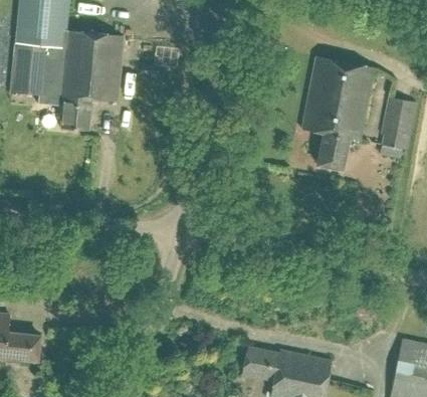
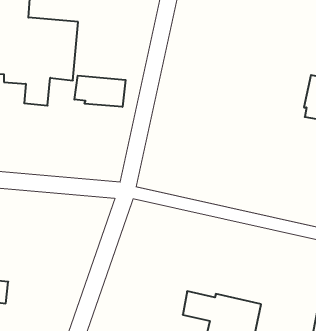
building: [300,56,374,171] -> none
building: none -> [74,76,126,107]

